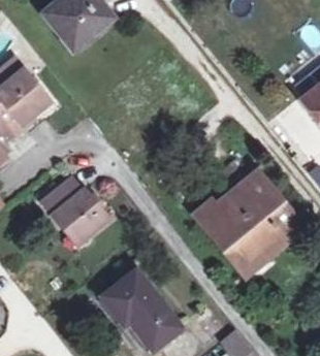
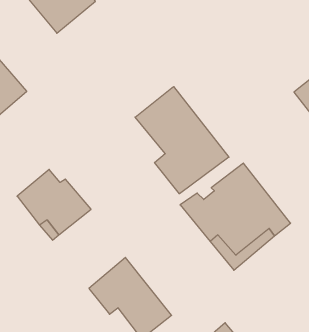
building: none -> [135,87,229,194]

